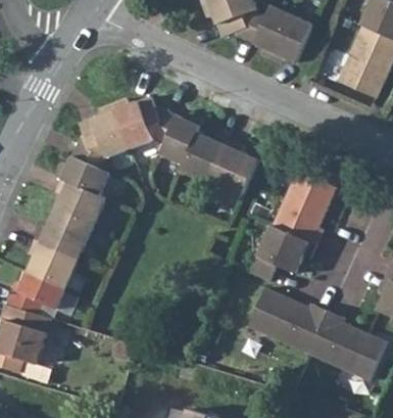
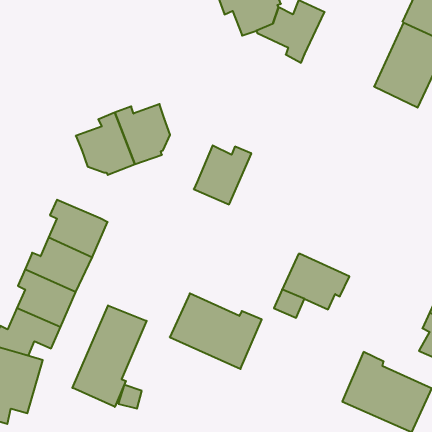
building: [277,16,313,62] -> none
building: [154,107,203,164] -> none
building: [56,136,110,195] -> none
building: [211,139,258,197] -> none
building: [273,170,336,245] -> none
building: none -> [72,305,147,407]
building: [248,288,328,354] -> [170,293,262,369]

